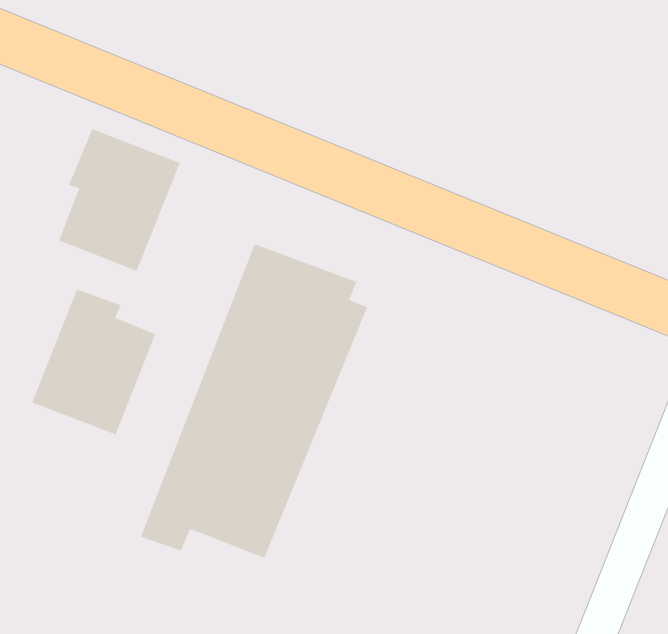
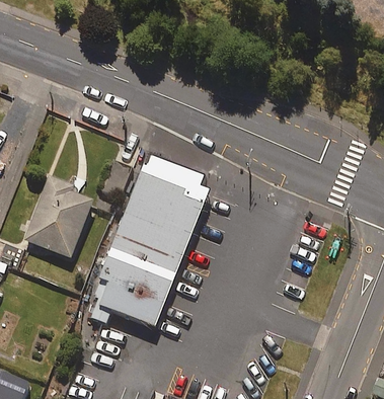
building: [58,128,181,272] -> none

